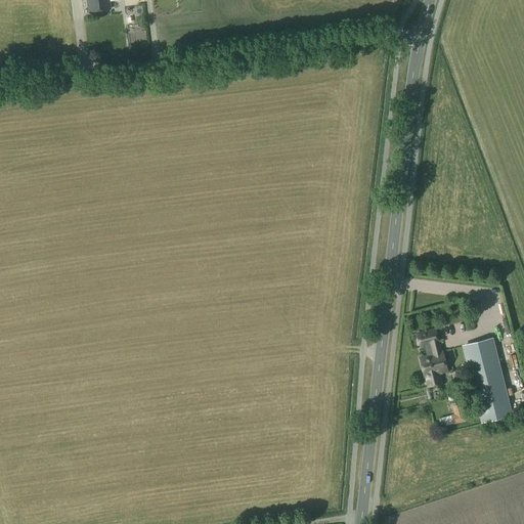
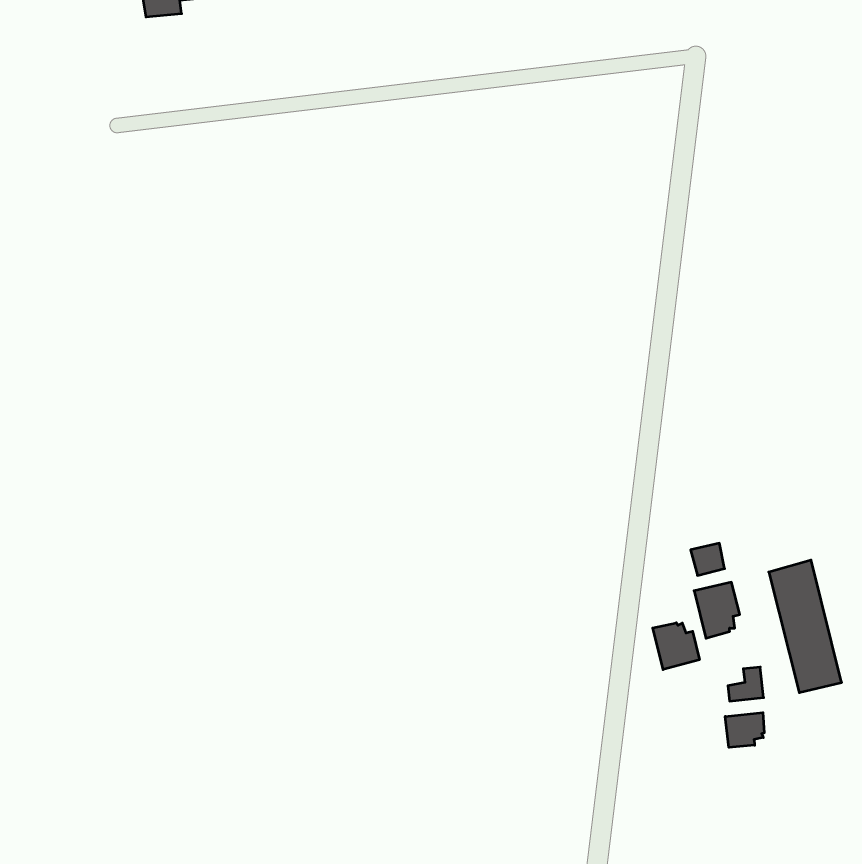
building: none -> [653,623,699,670]
building: none -> [725,713,764,747]

